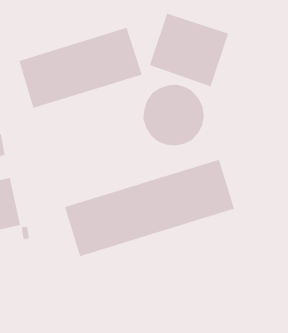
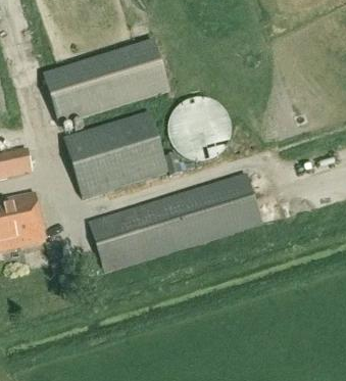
building: [149,13,229,87] -> none
building: none -> [63,111,168,196]

